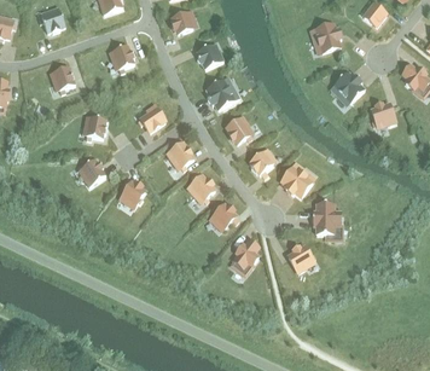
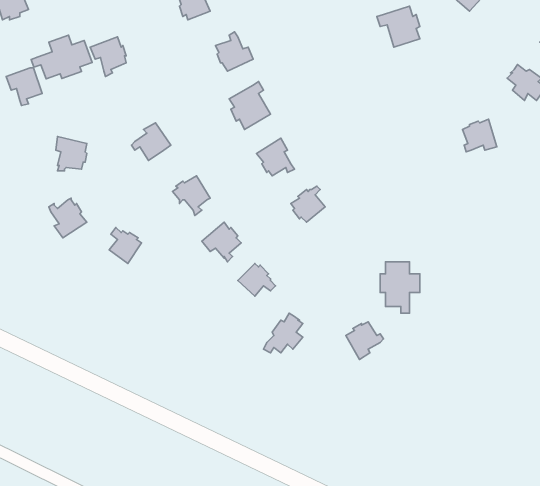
building: none -> [31,35,92,79]
building: [329,71,364,103] -> none
building: [280,162,310,196] -> none

